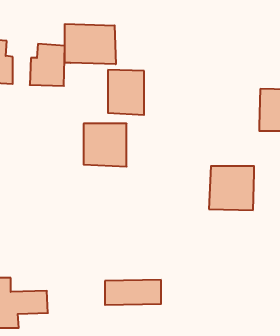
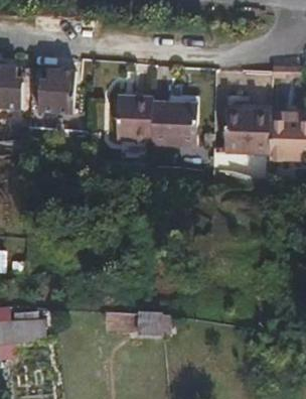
building: [65,24,116,64] -> none
building: [84,124,127,167] -> [151,102,194,145]
building: [209,166,254,210] -> [222,108,268,152]

